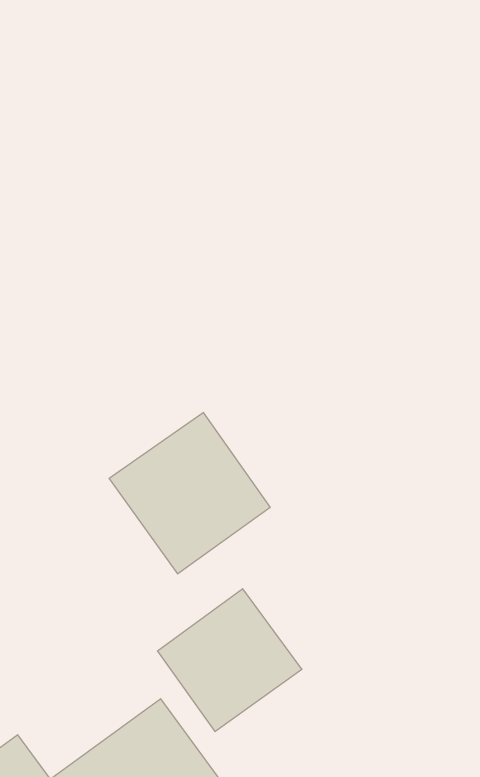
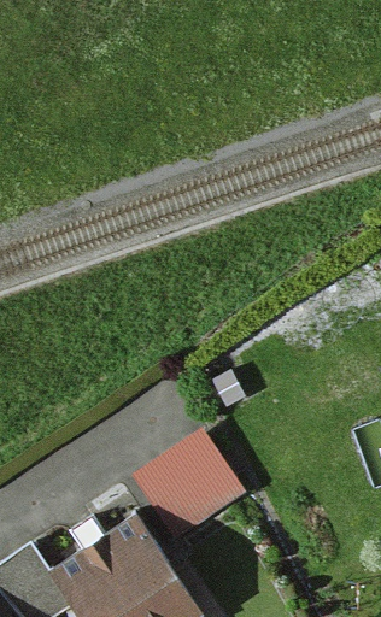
building: [109,412,270,574] -> none

